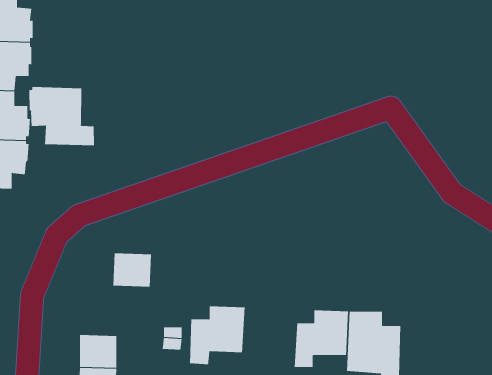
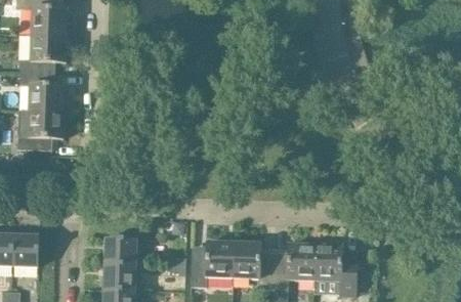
building: [29,86,95,146] -> none
building: [112,253,152,287] -> [104,238,135,264]
building: none -> [233,242,275,289]

